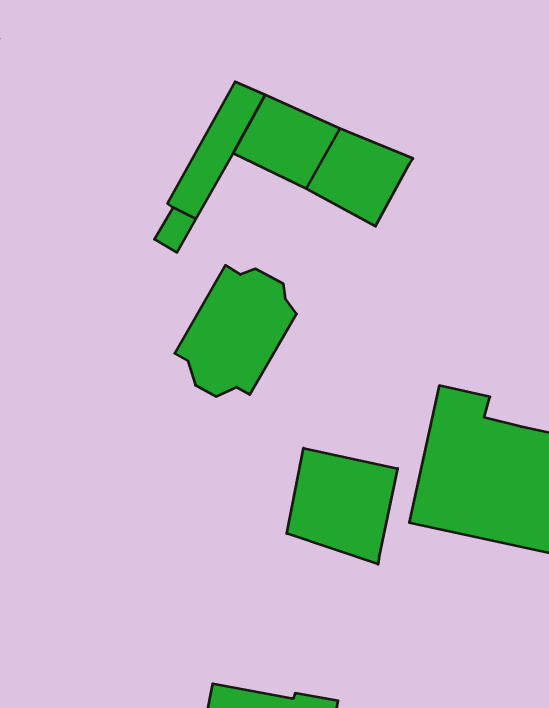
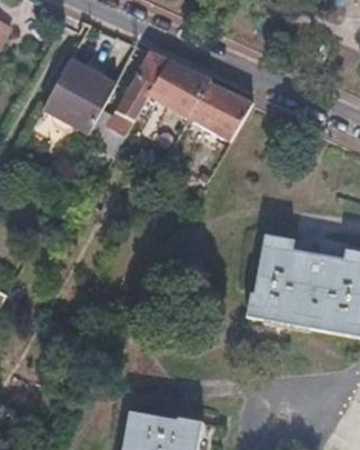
building: [175,265,297,396] -> [39,58,111,136]
building: [287,448,398,564] -> none

